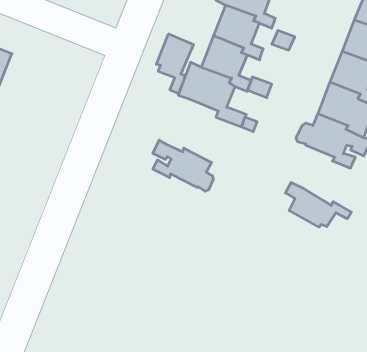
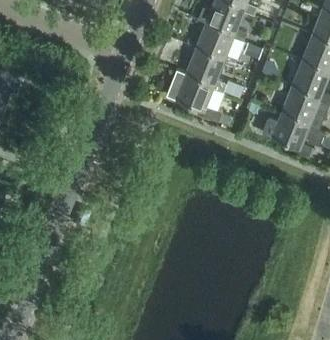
building: [156,34,193,94] -> none
building: [153,140,213,191] -> none
building: [285,182,351,227] -> none

